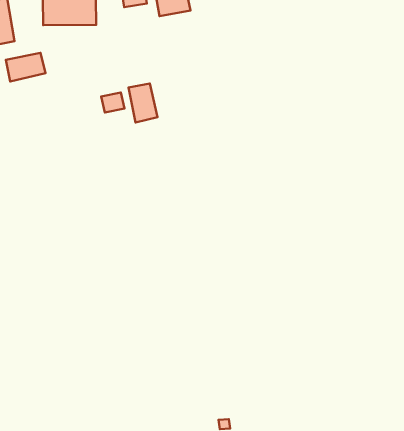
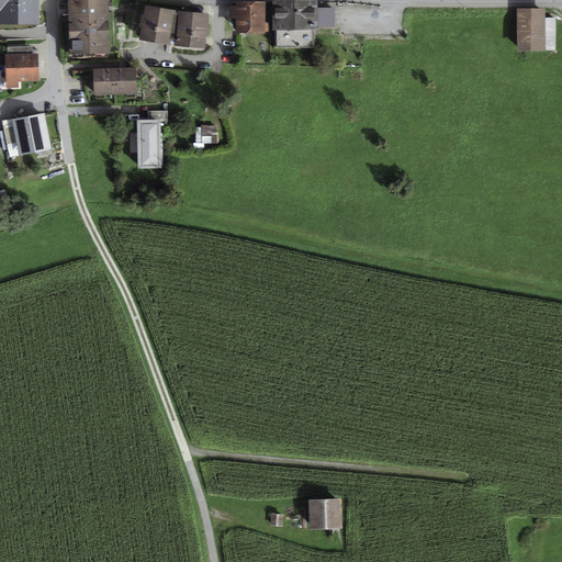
building: [128,83,157,123] -> none
building: none -> [136,121,156,165]
building: none -> [313,499,346,528]

